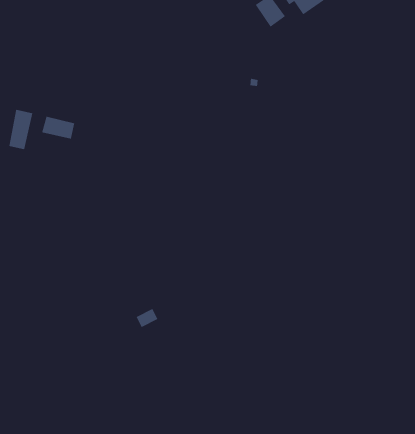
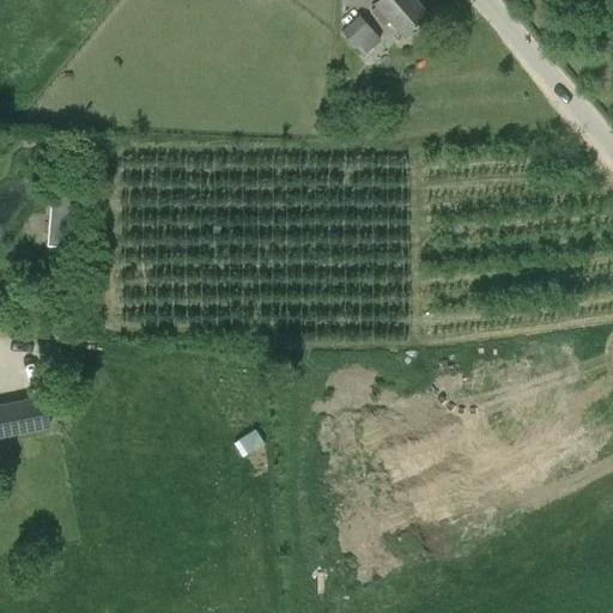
building: [42,116,75,139] -> none

